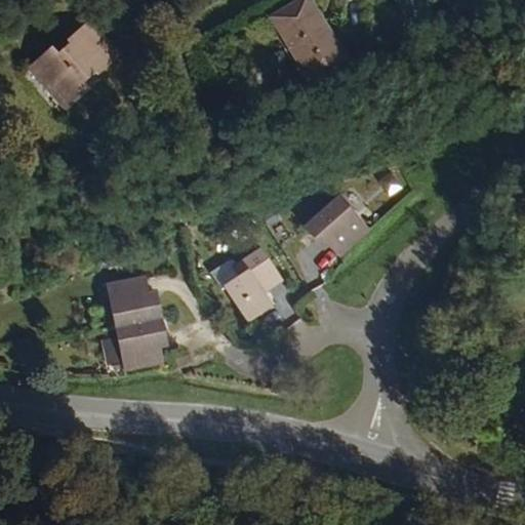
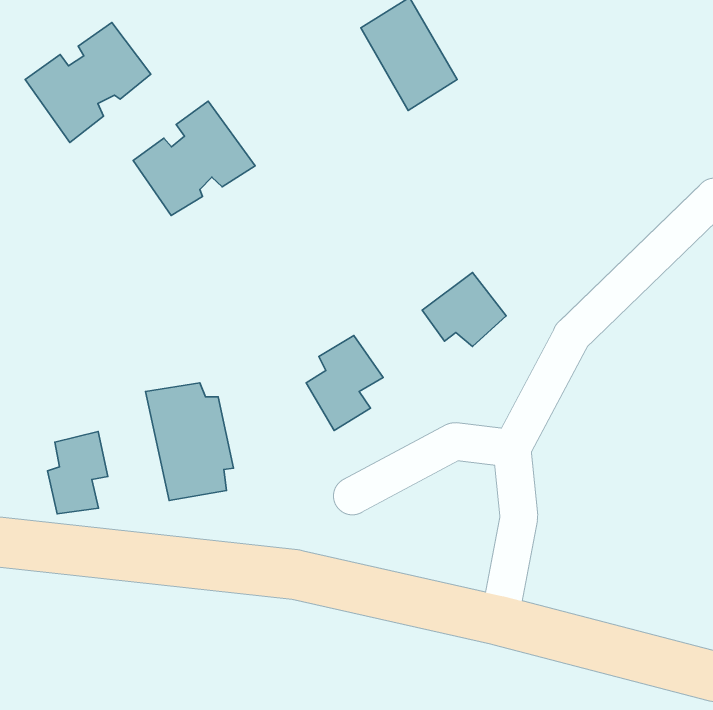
building: none -> [133,101,255,216]
building: none -> [48,432,108,514]

